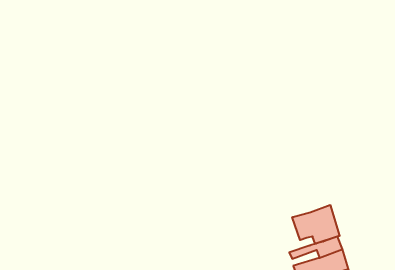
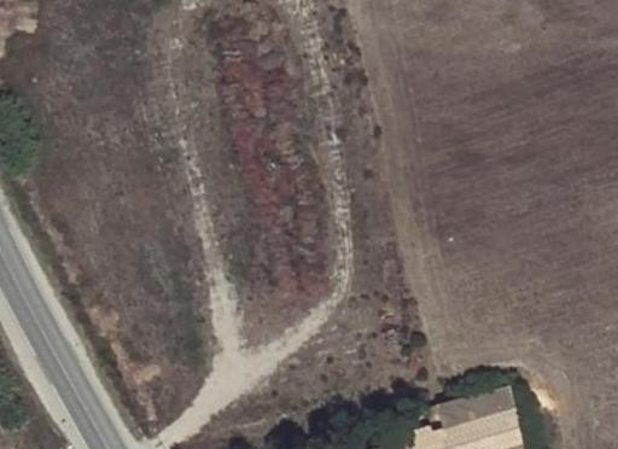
building: [292,205,340,244] -> none

